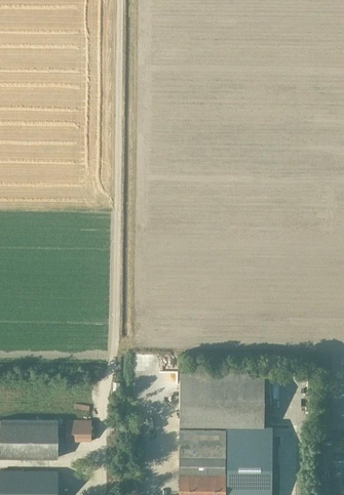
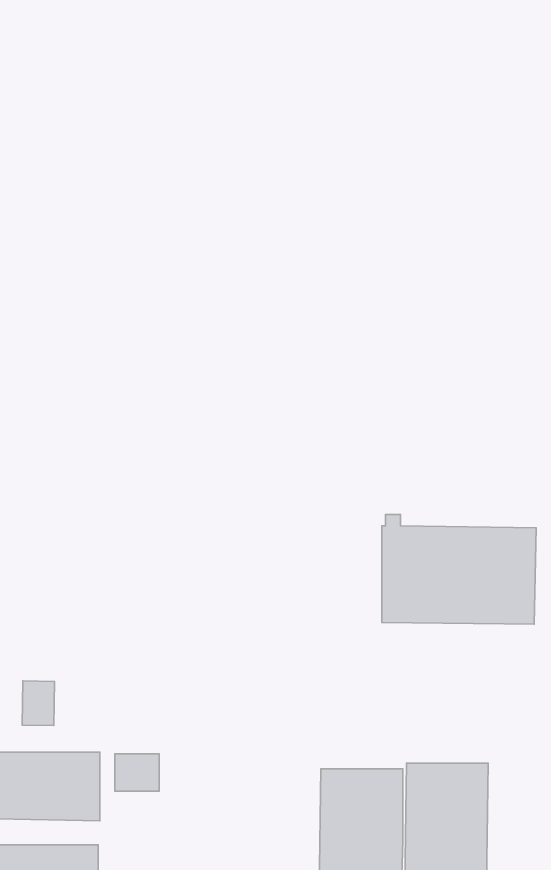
building: [178,366,263,426] -> [382,515,536,624]
building: none -> [22,681,55,726]

